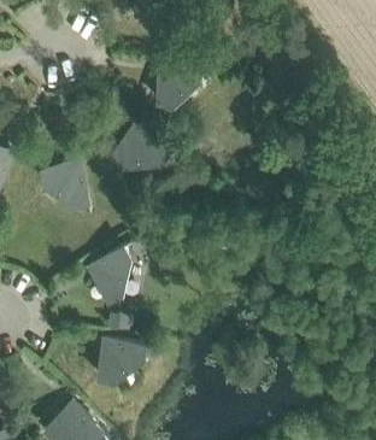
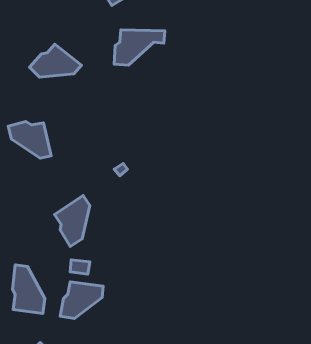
building: [111,130,168,166] -> [30,44,81,77]
building: none -> [12,265,45,313]

